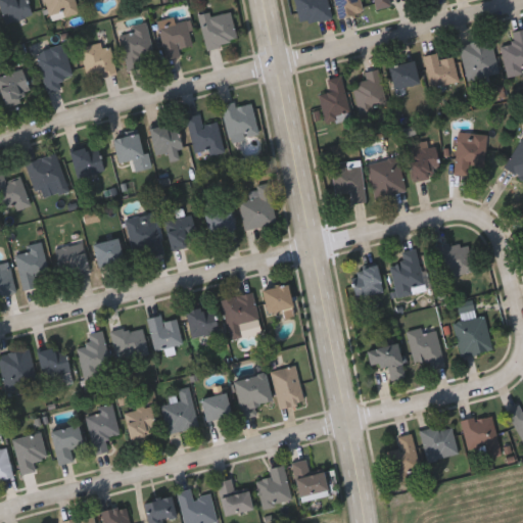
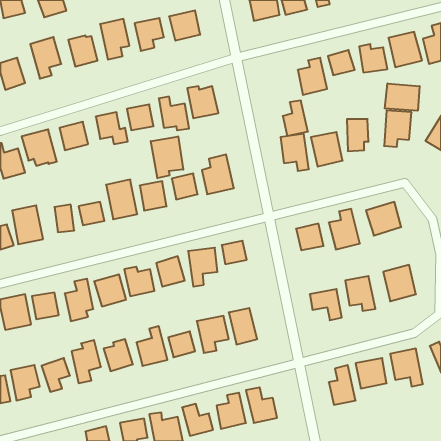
building: [320,76,349,117] -> [283,101,308,136]
building: none -> [385,83,420,111]
building: none -> [151,136,183,178]

